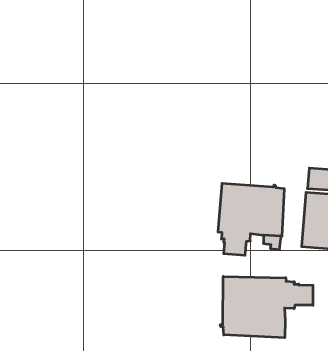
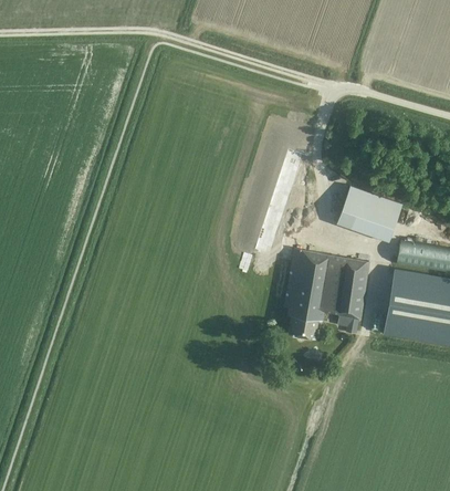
building: none -> [336,187,402,242]
building: [220,276,313,338] -> none

